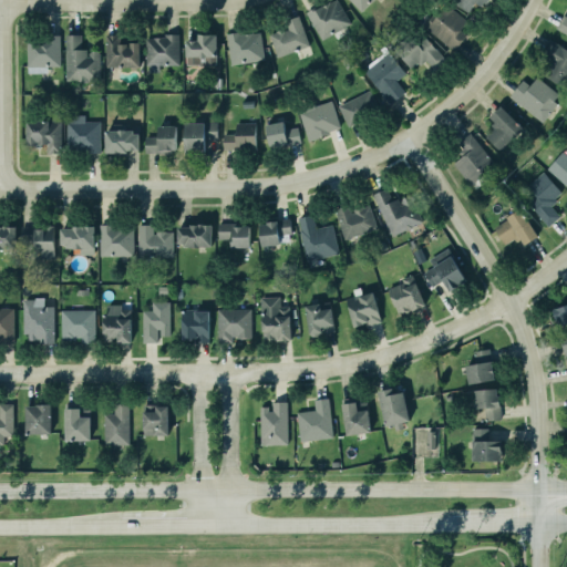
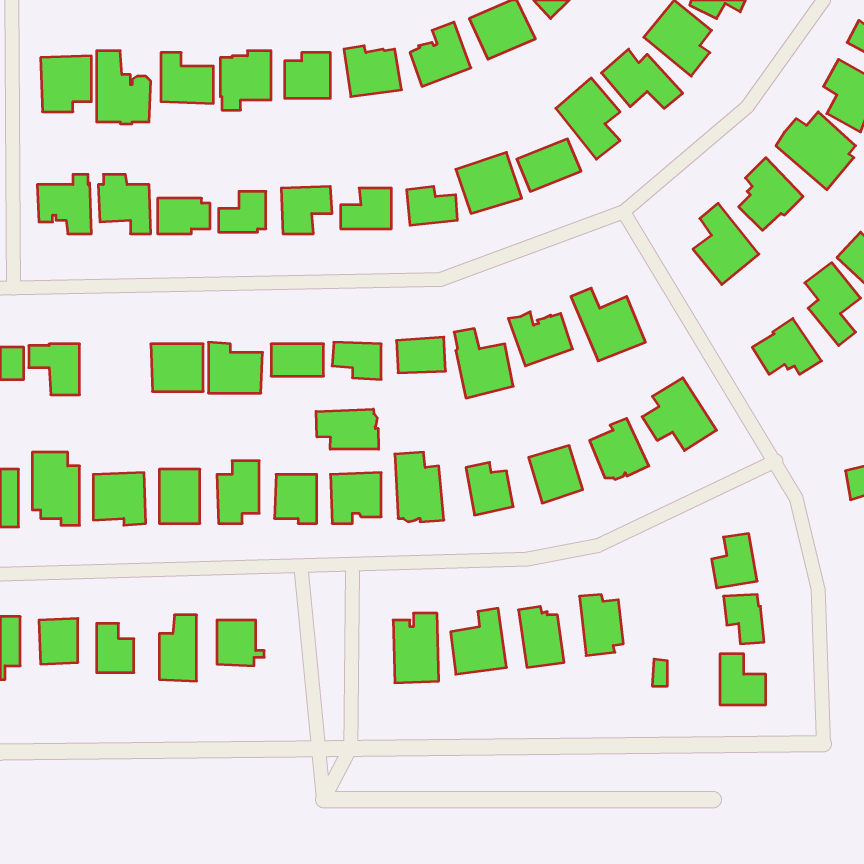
building: [59,225,94,249] -> none
building: none -> [316,409,379,449]

